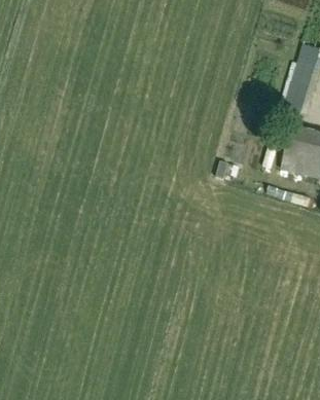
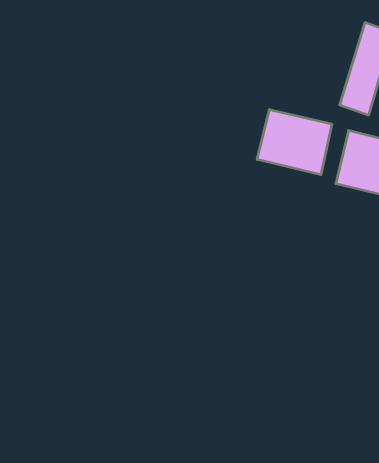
building: none -> [257,109,332,175]

